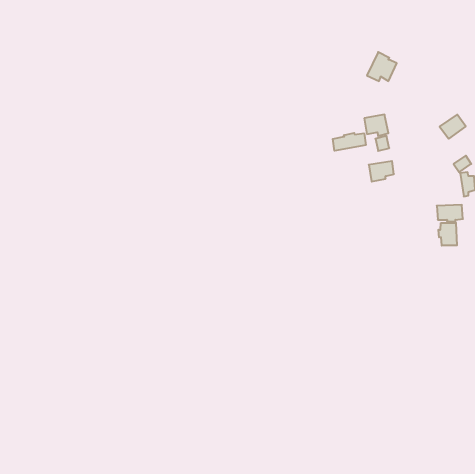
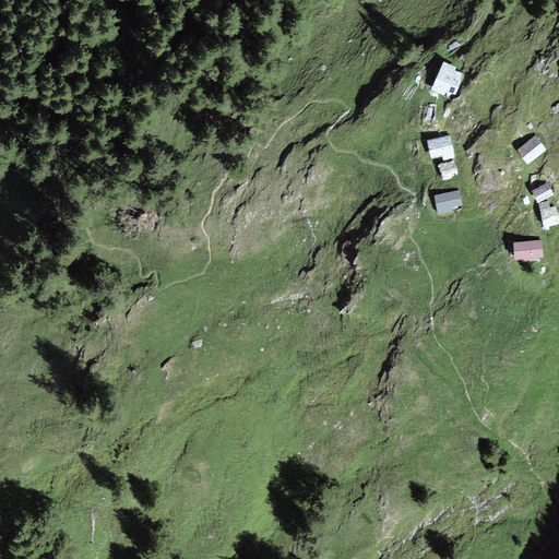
building: [333,133,366,151] -> none
building: [438,223,457,246] -> none

